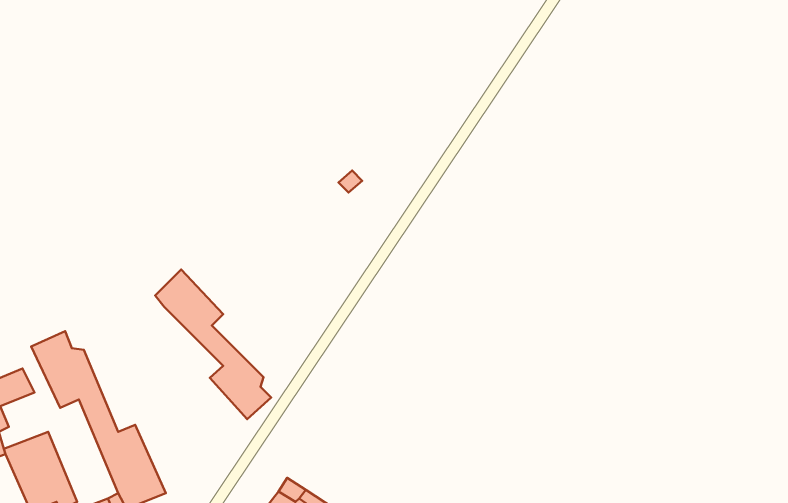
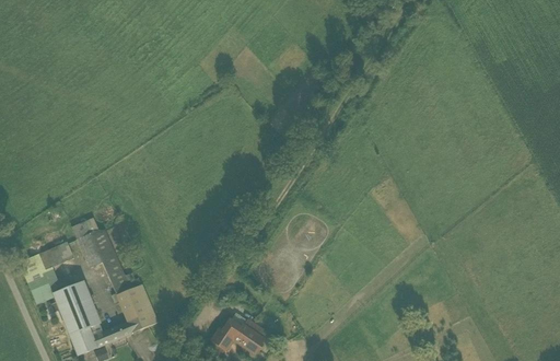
building: [155,270,271,419] -> none

